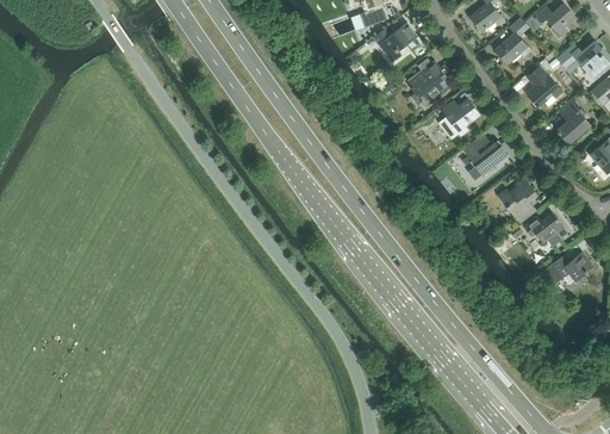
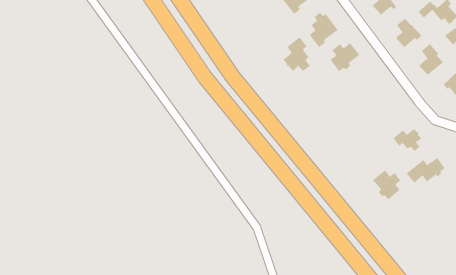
building: none -> [283,37,310,72]
building: [462,132,508,175] -> none
building: [498,180,537,223] -> none
building: none -> [372,170,401,200]

